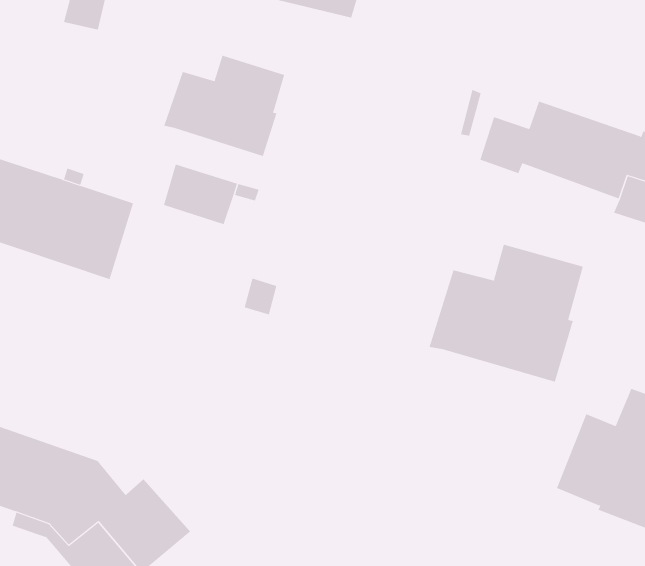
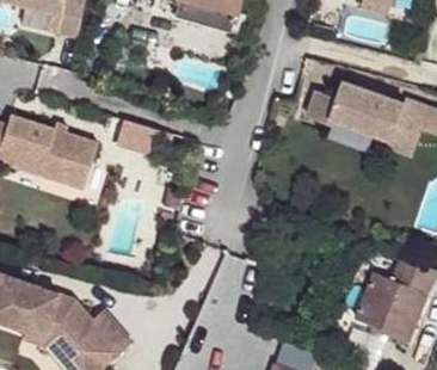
building: [164,55,285,157] -> none
building: [429,244,583,383] -> none

